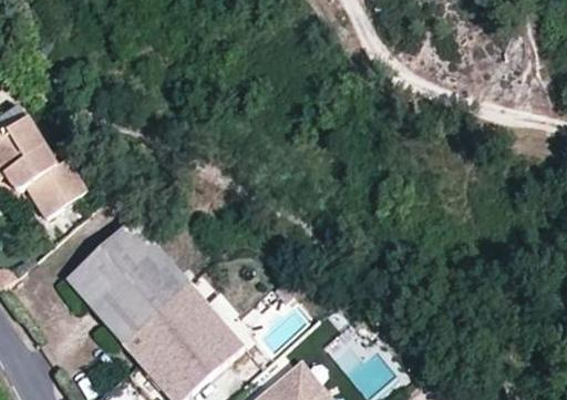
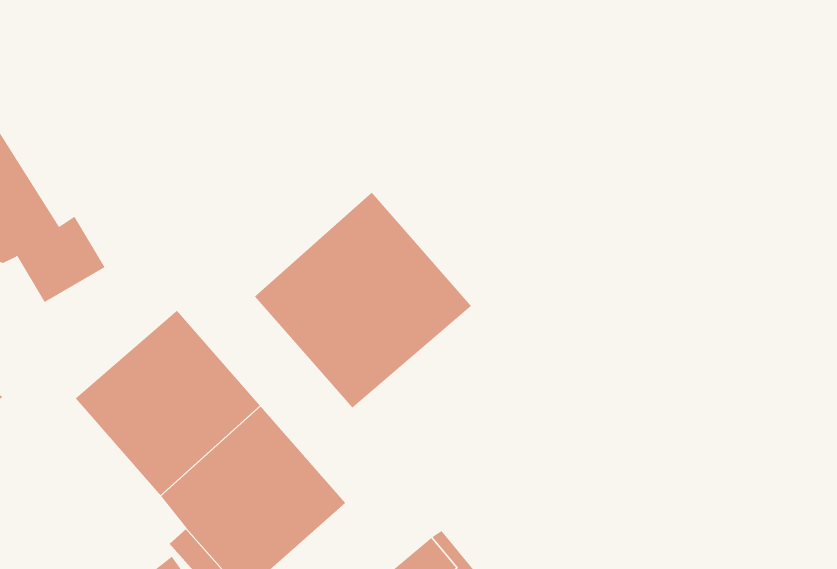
building: none -> [254,192,472,408]

